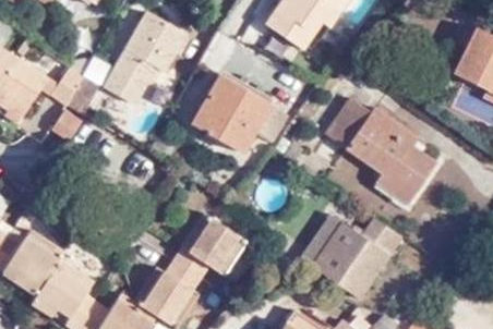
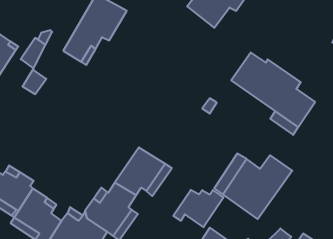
building: [200,70,291,149] -> none
building: none -> [173,190,223,227]

